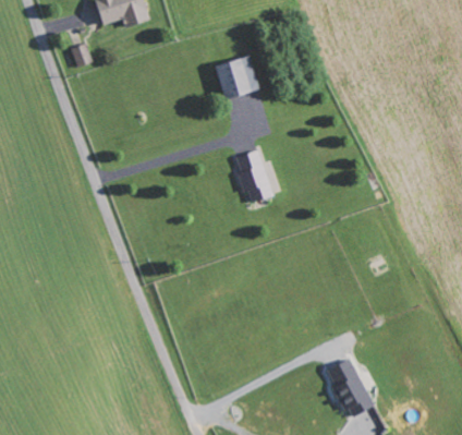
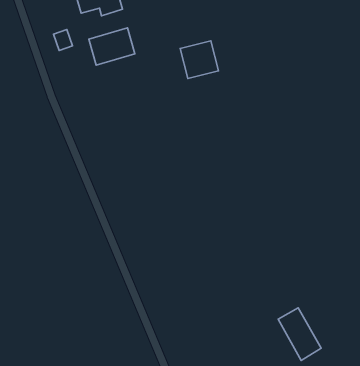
building: none -> [89,28,135,65]
building: [236,149,273,203] -> none

